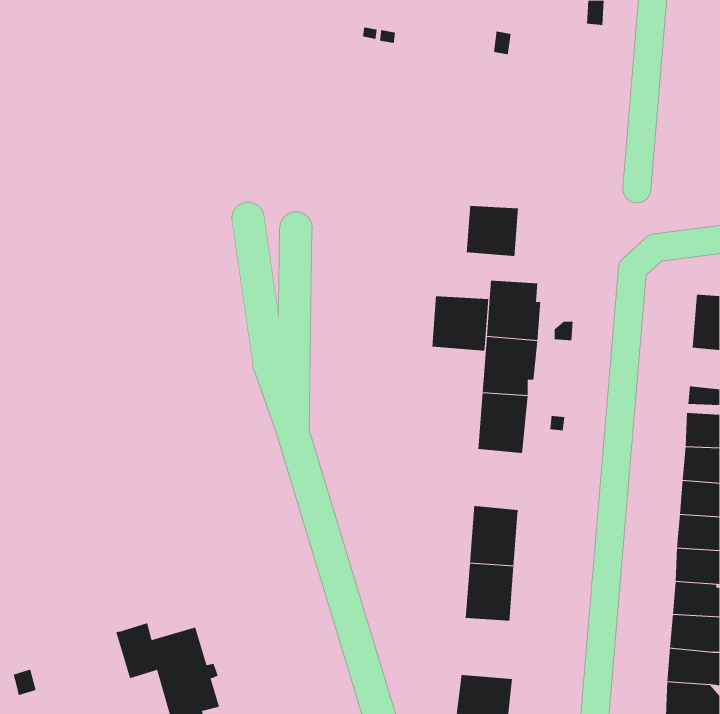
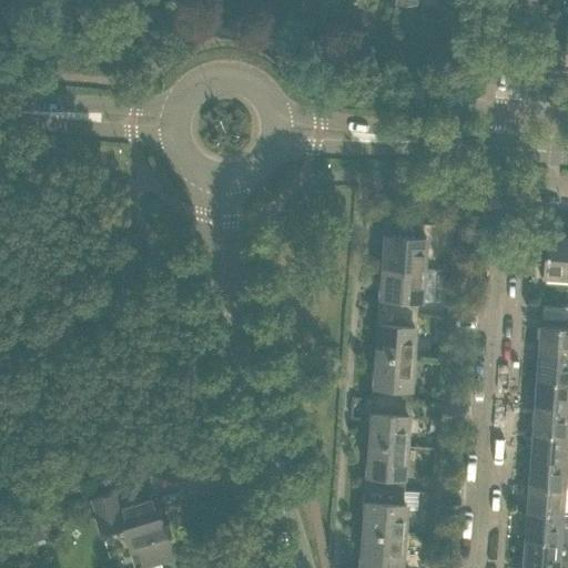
building: [466,205,518,257] -> none
building: [432,295,489,352] -> none
building: none -> [373,358,412,406]
building: none -> [363,491,406,539]

